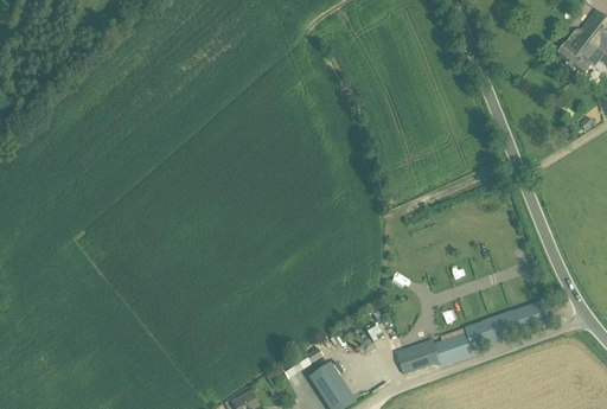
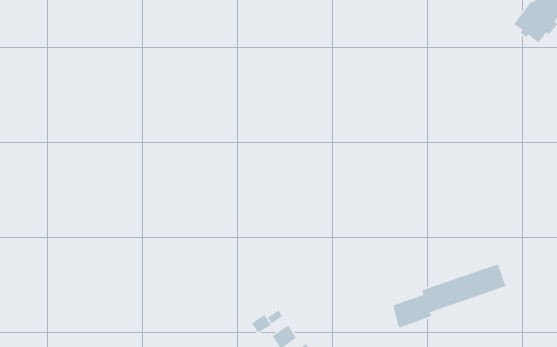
building: [396,338,440,375] -> none

